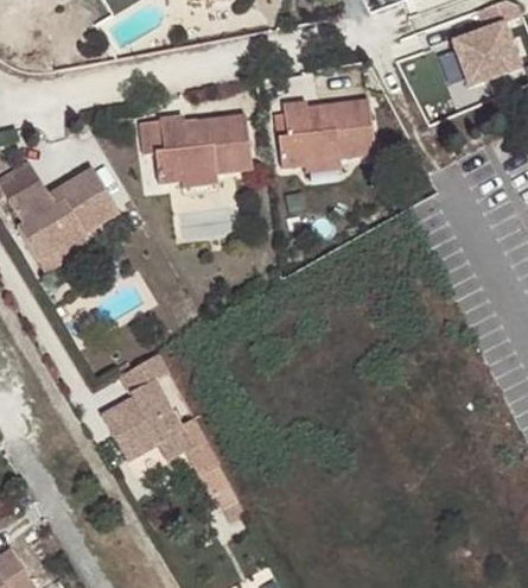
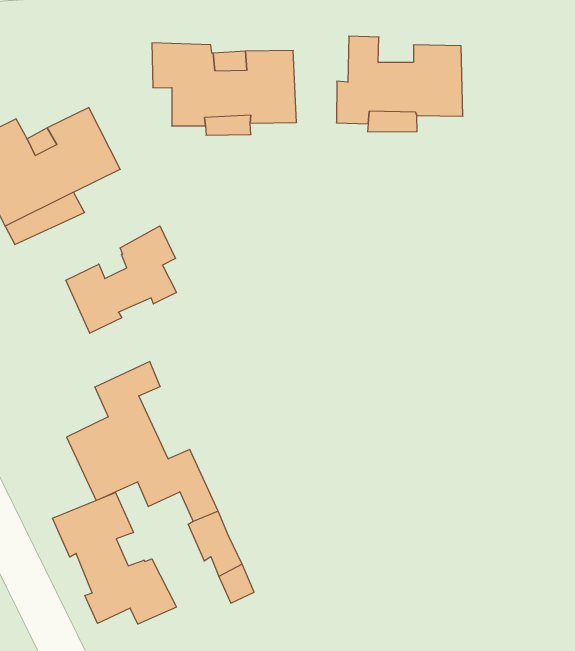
building: none -> [66,226,176,333]
building: none -> [53,493,176,624]

